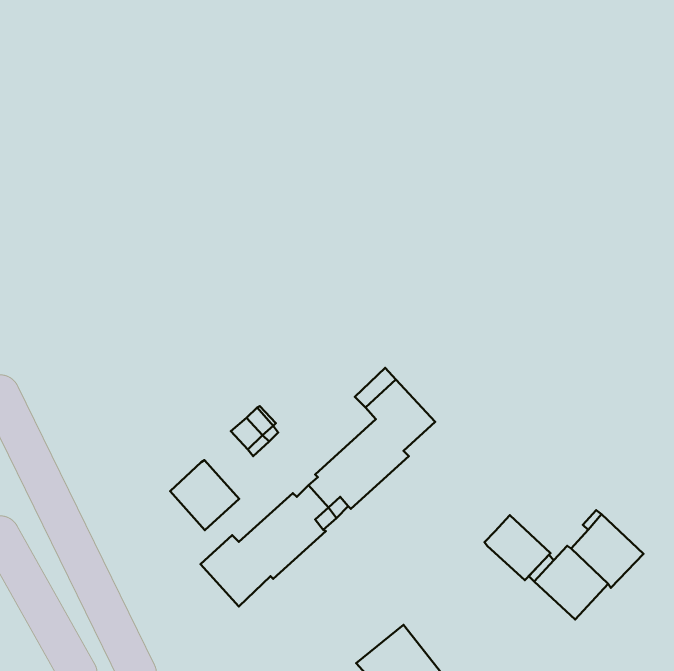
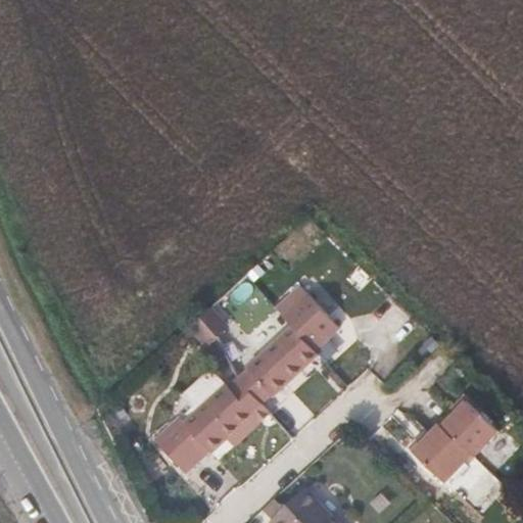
building: [170,460,239,530] -> none
building: [484,515,550,580] -> none

